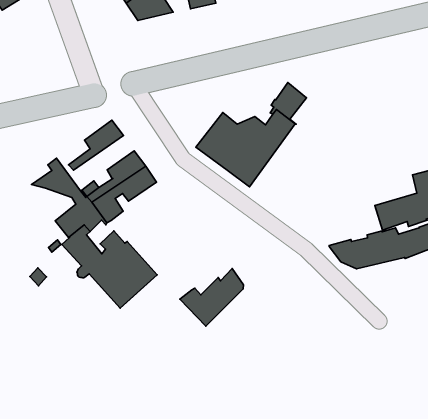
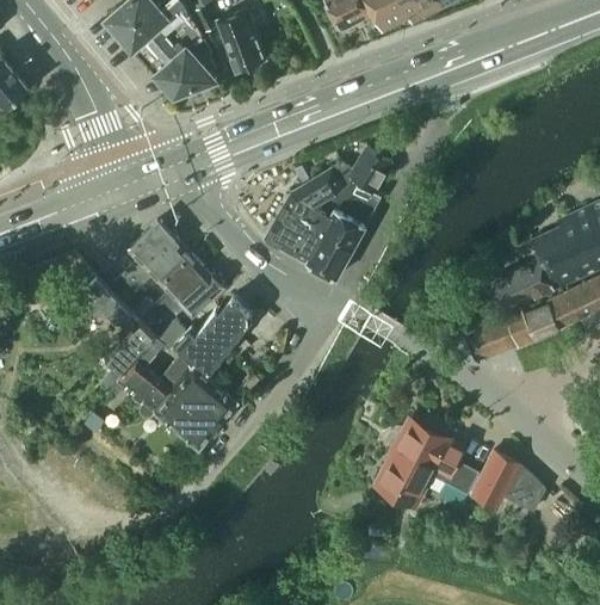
building: none -> [291,162,352,205]
building: none -> [119,237,190,304]
building: [180,269,244,326] -> [173,297,248,371]
building: none -> [376,422,544,512]

